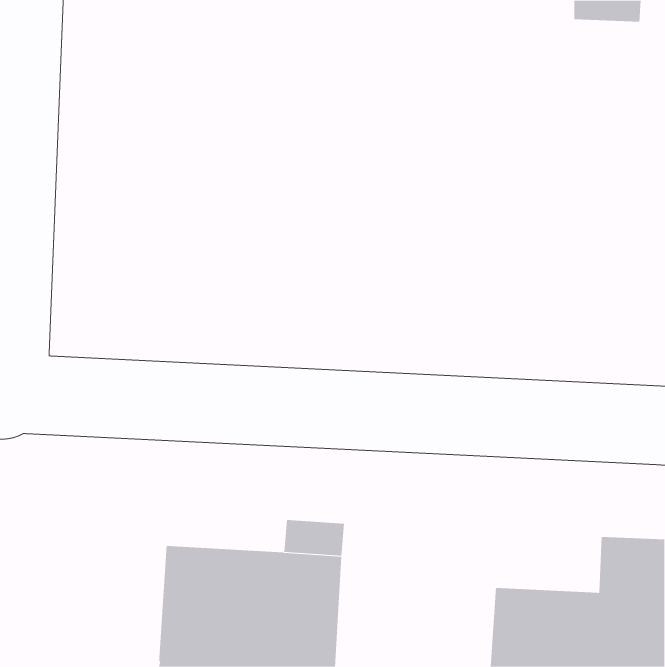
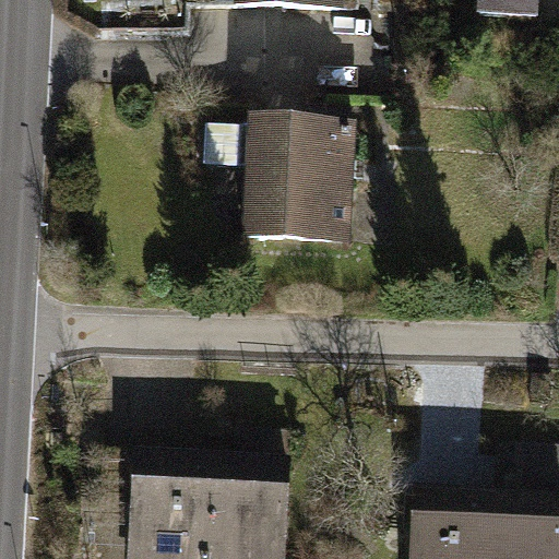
building: none -> [206,127,352,241]

